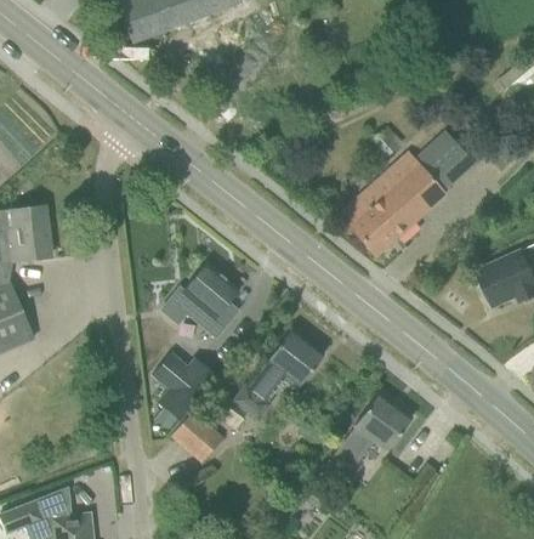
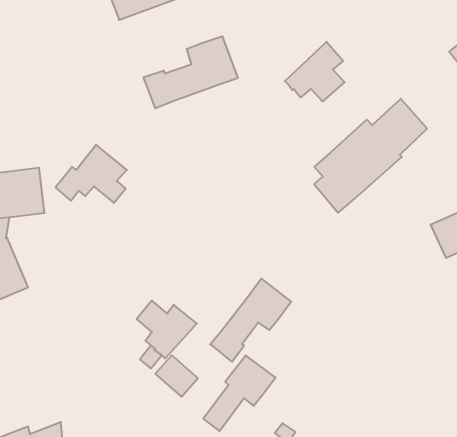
building: none -> [144,36,238,109]
building: none -> [285,42,345,101]
building: [160,262,239,327] -> [56,145,127,203]
building: [331,393,411,477] -> [203,355,276,431]

